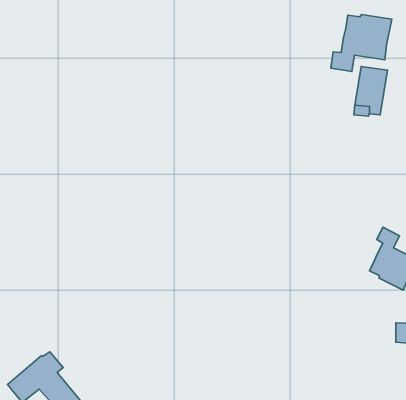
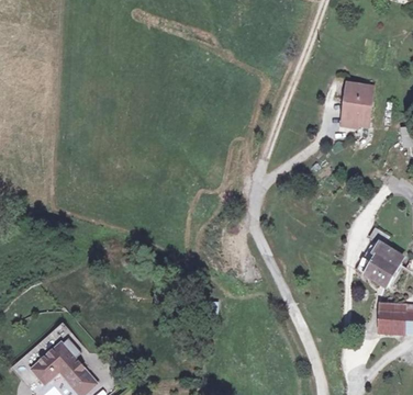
building: [331,15,392,72] -> none

